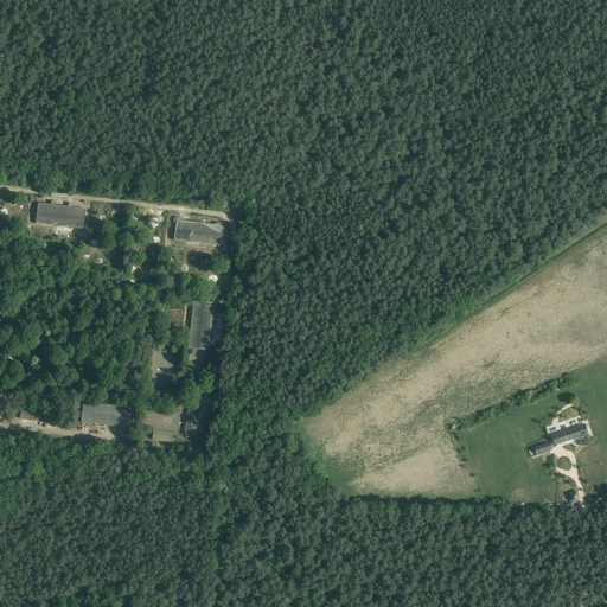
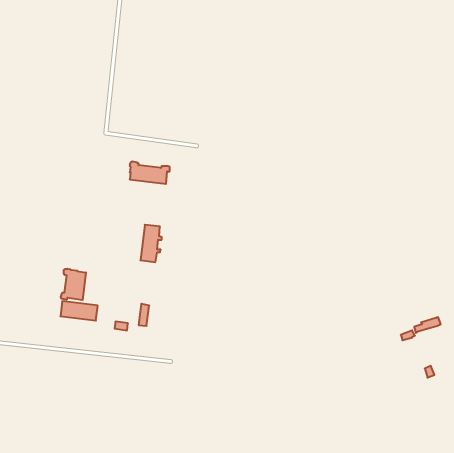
building: [36,203,85,229] -> none
building: none -> [61,269,86,300]

